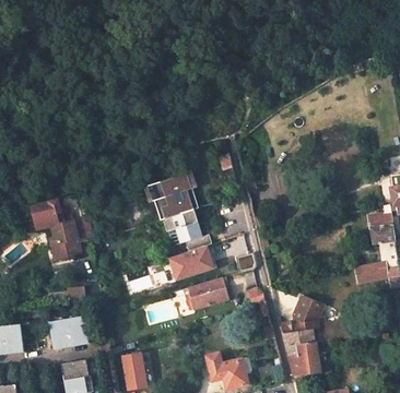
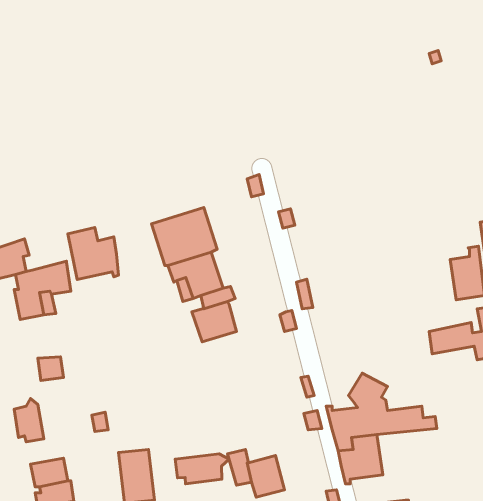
building: none -> [68,228,119,279]
building: [186,277,228,310] -> none
building: [67,315,87,346] -> none
building: none -> [175,454,229,484]

